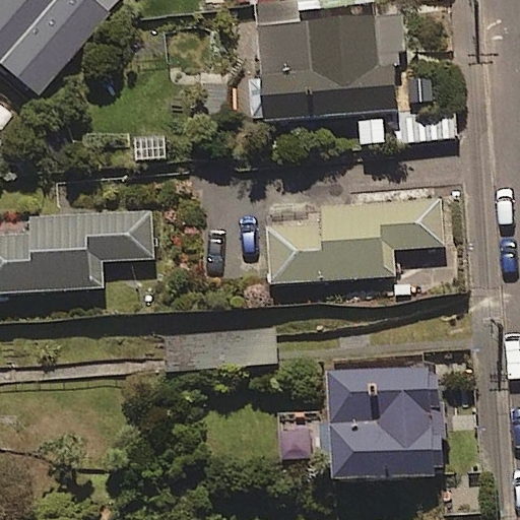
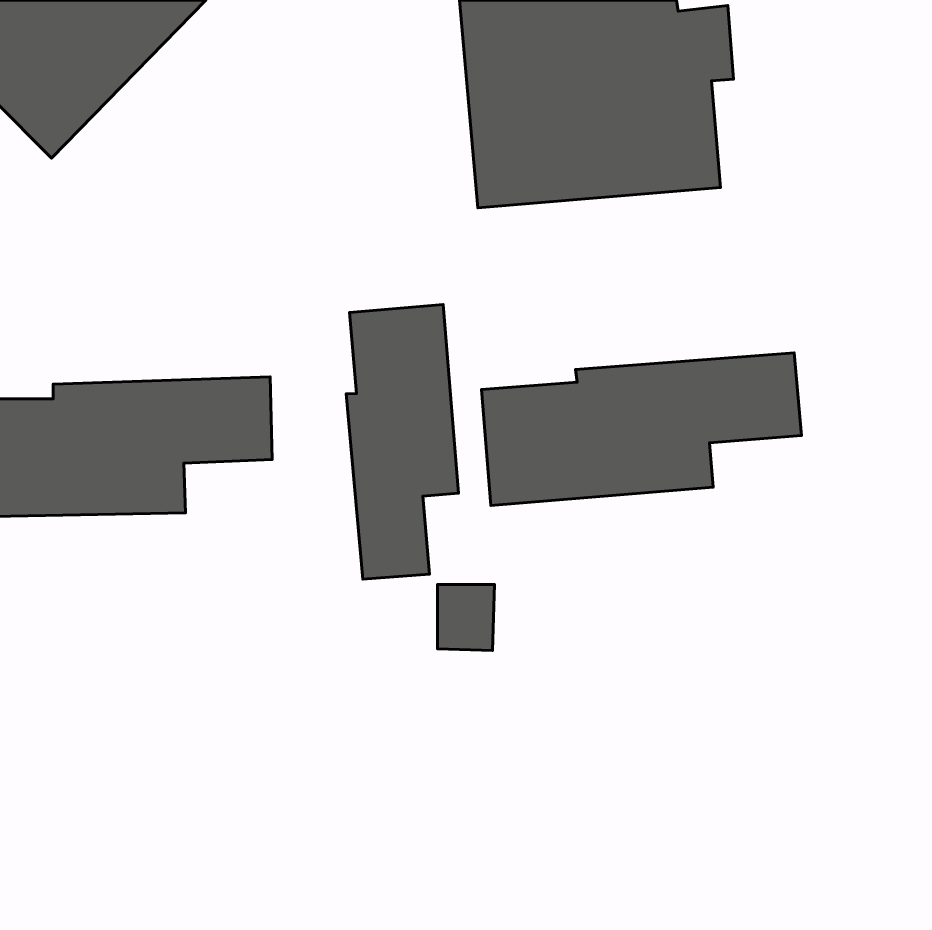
building: none -> [346,305,459,579]
building: [276,363,444,478] -> none

